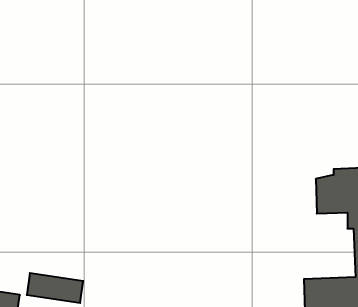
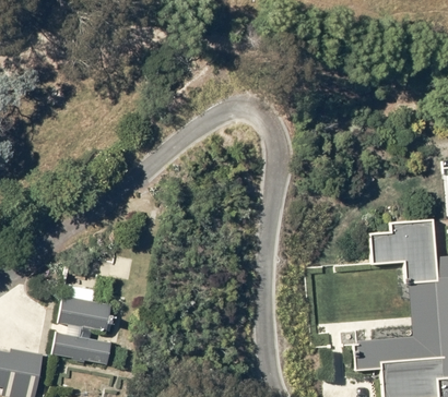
building: none -> [56,296,110,334]

